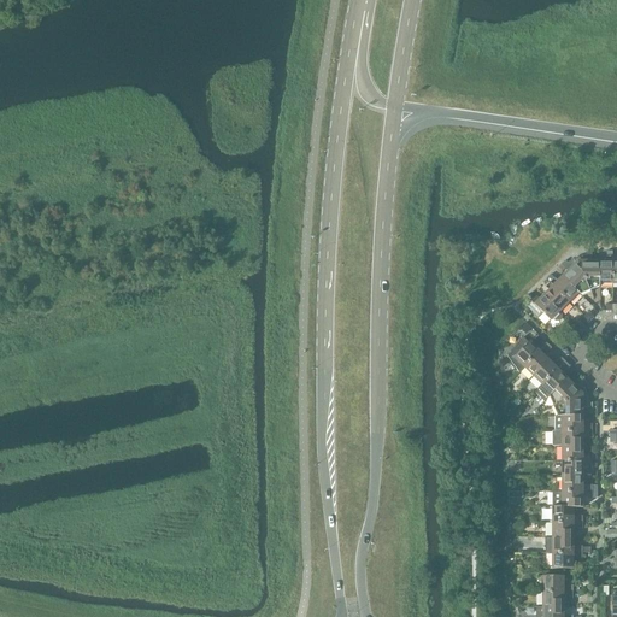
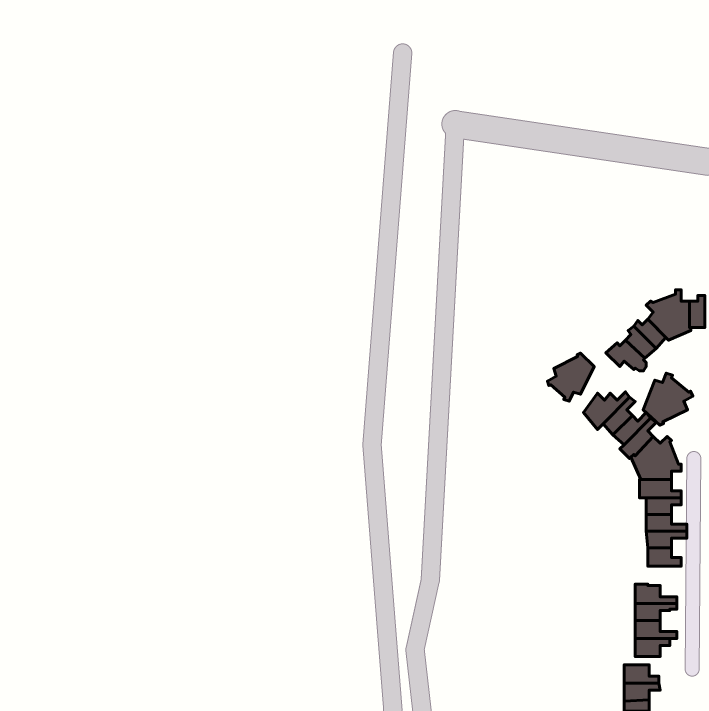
building: none -> [547,353,594,401]
building: none -> [643,373,693,425]
building: [550,489,589,506] -> none

